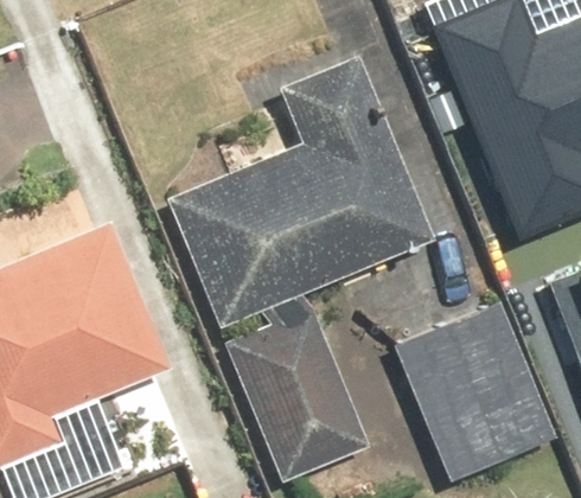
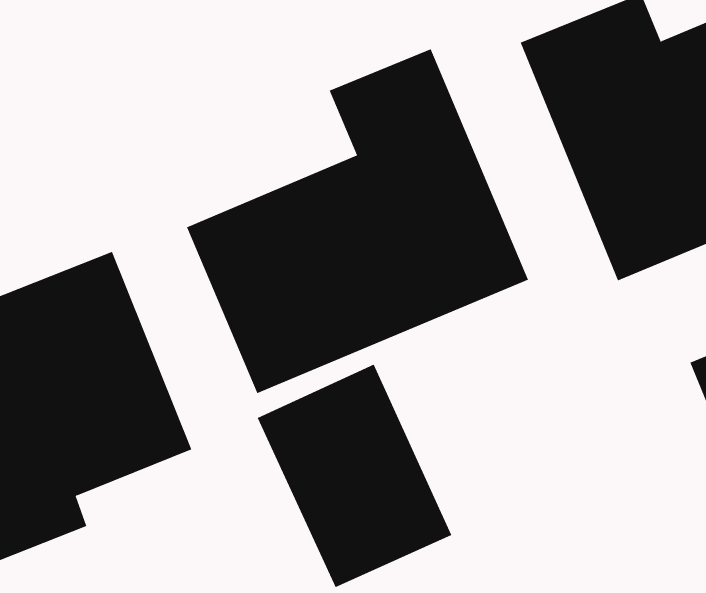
building: [392,298,558,481] -> none

